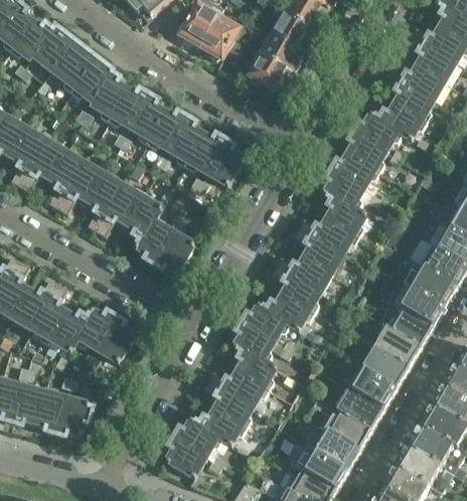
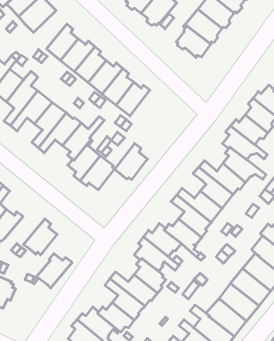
building: [70,57,112,105] -> none
building: [204,140,244,185] -> [115,143,148,180]
building: [70,309,117,352] -> [32,254,72,288]

